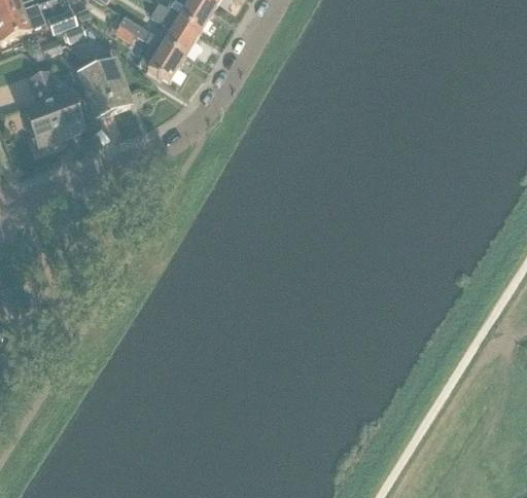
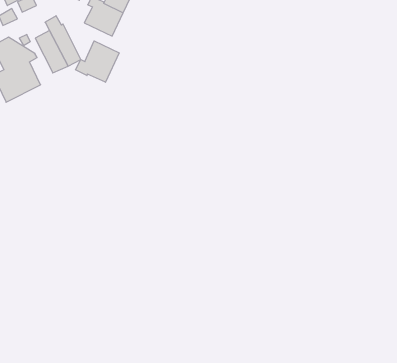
building: none -> [76,41,119,82]

